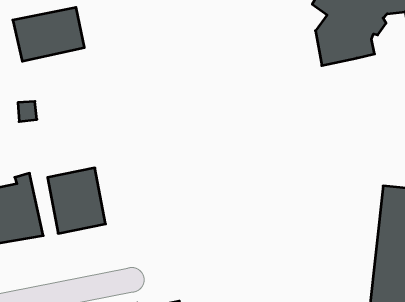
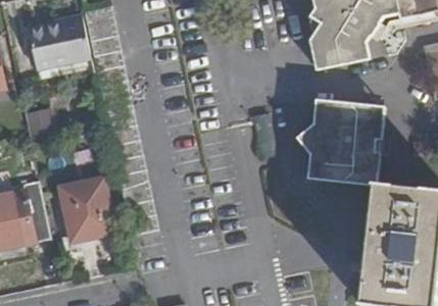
building: none -> [300,103,385,187]

